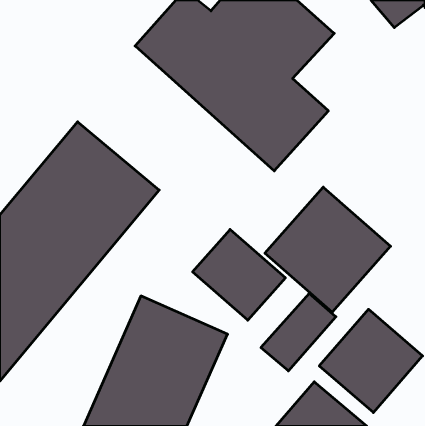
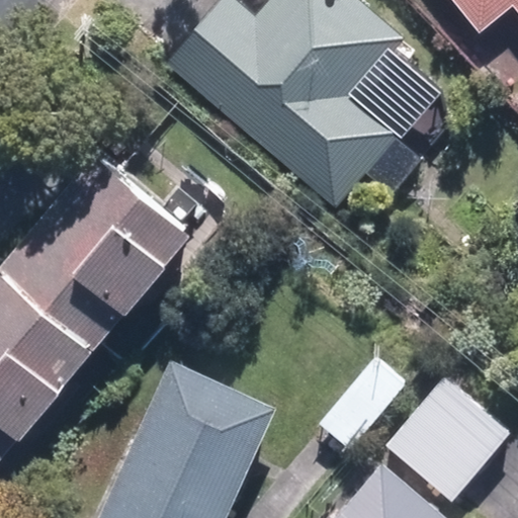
building: [265,187,391,312] -> none
building: [193,229,285,320] -> none

